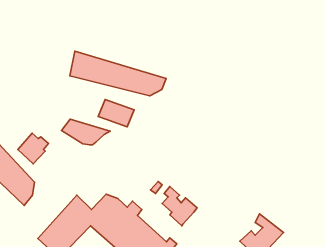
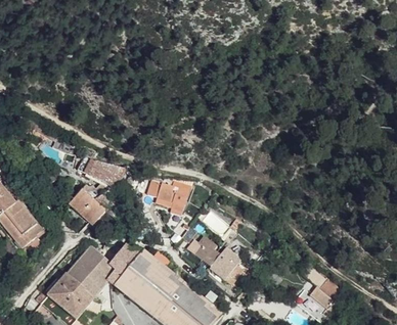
building: [70,51,166,96] -> none
building: [98,100,134,127] -> [157,178,200,211]
building: [18,133,48,164] -> [71,186,107,223]

